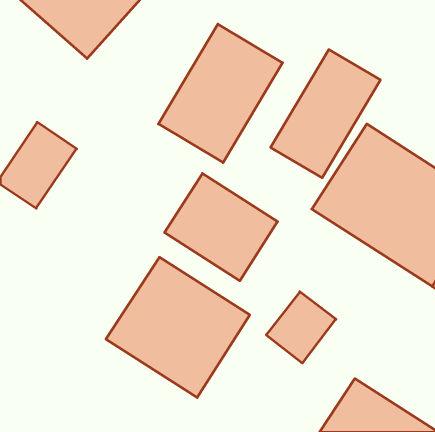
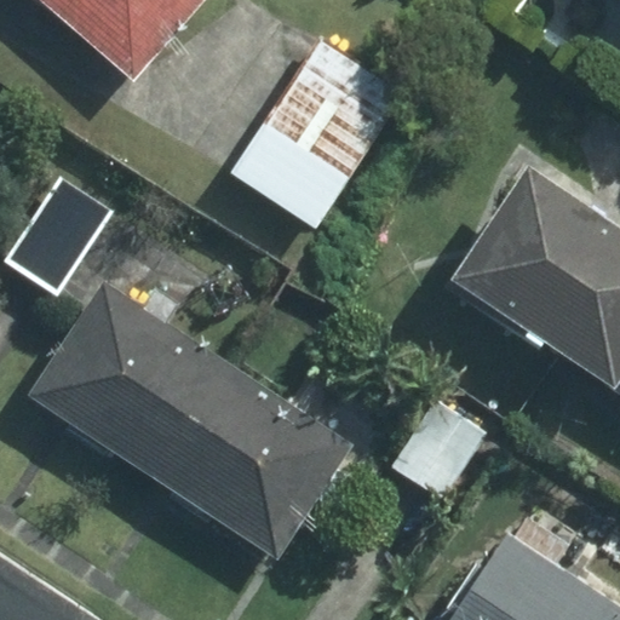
building: [271,50,380,178] -> none
building: [165,173,278,281] -> none
building: none -> [29,280,231,477]

